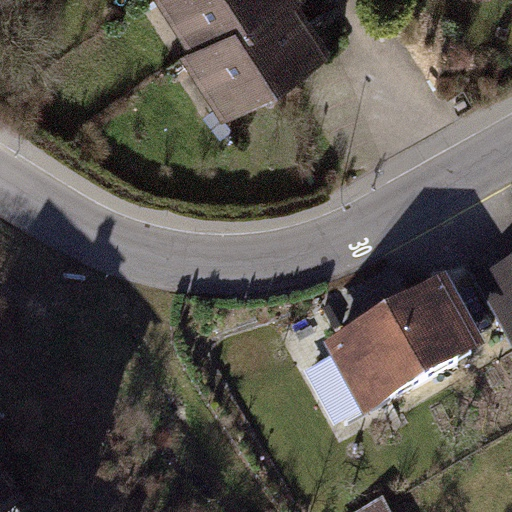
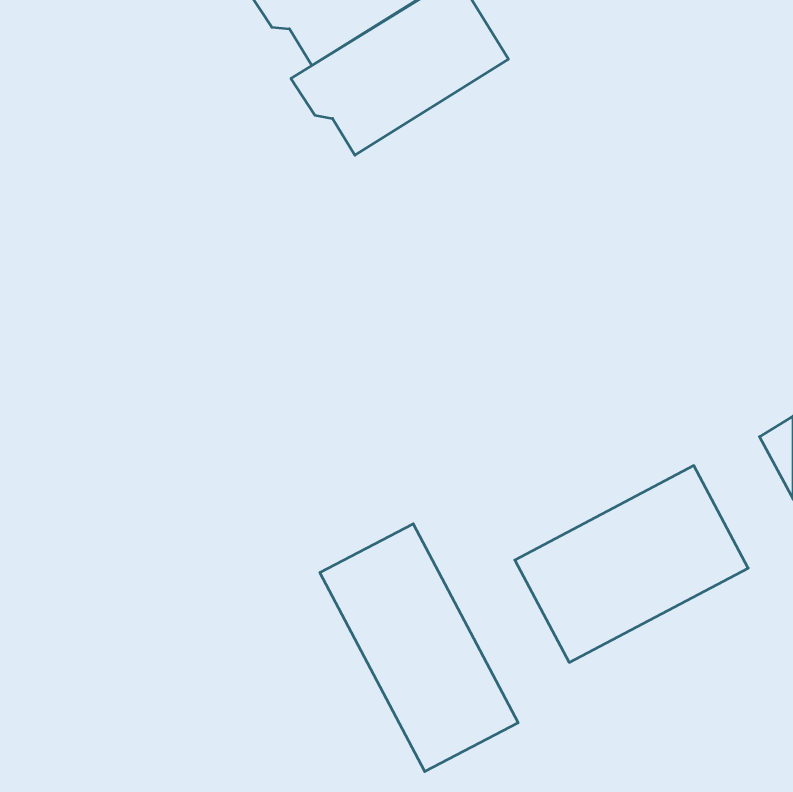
building: none -> [320,524,518,772]

